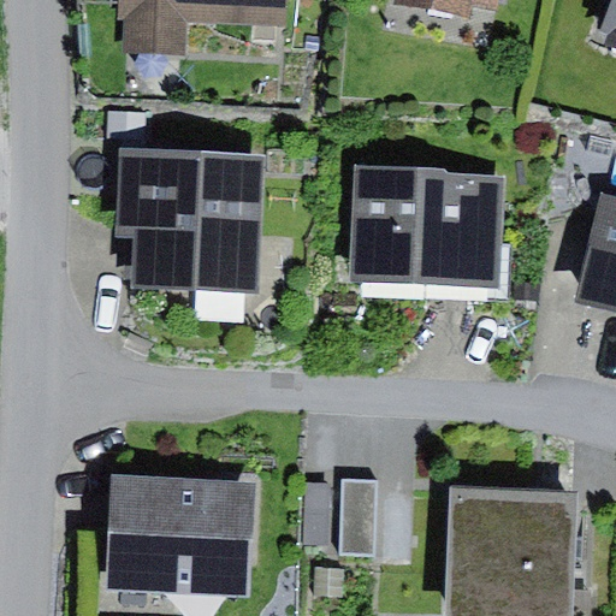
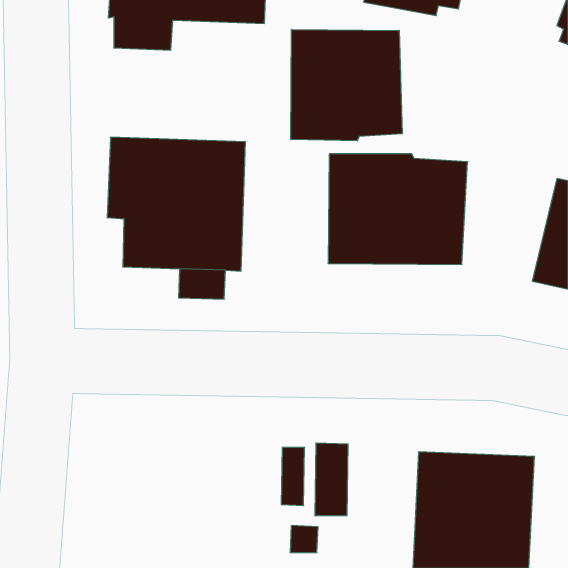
building: none -> [291,29,402,141]
building: [106,475,255,597] -> none

